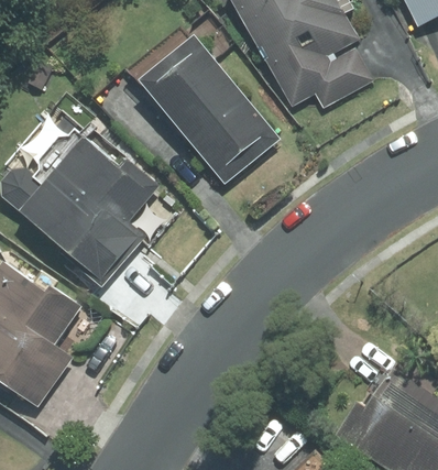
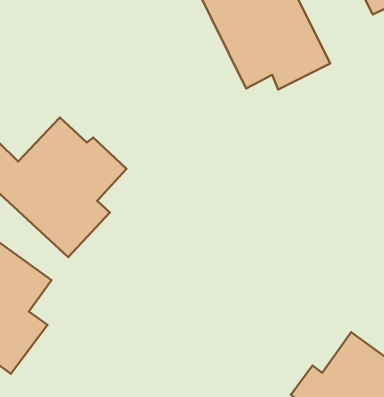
building: [140,34,278,183] -> none

